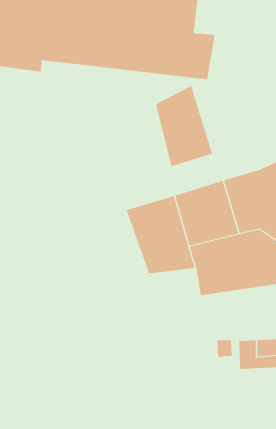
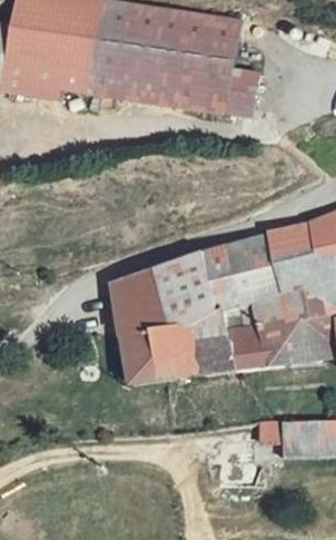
building: [156,85,213,167] -> none
building: none -> [109,269,239,384]

